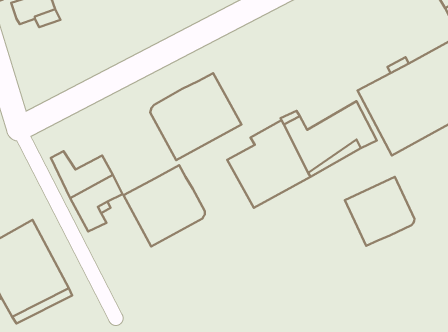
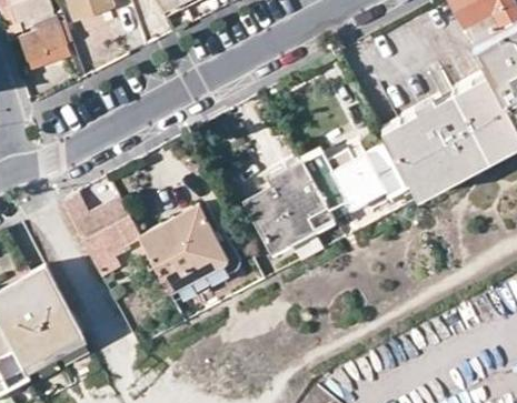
building: [150,73,241,160] -> none
building: [345,177,415,246] -> none

